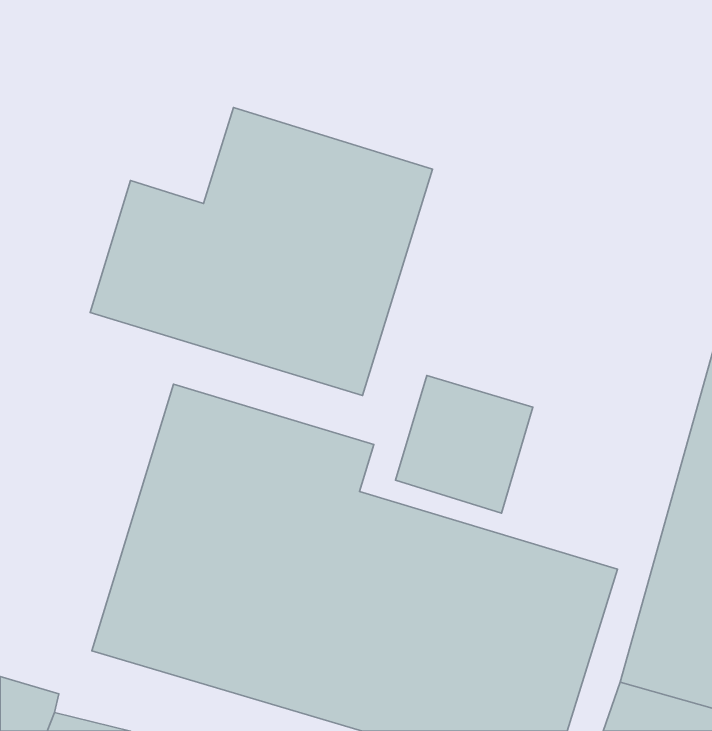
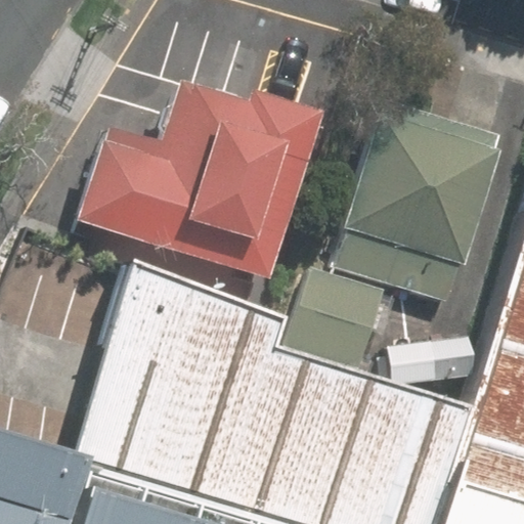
building: none -> [332,103,498,303]

